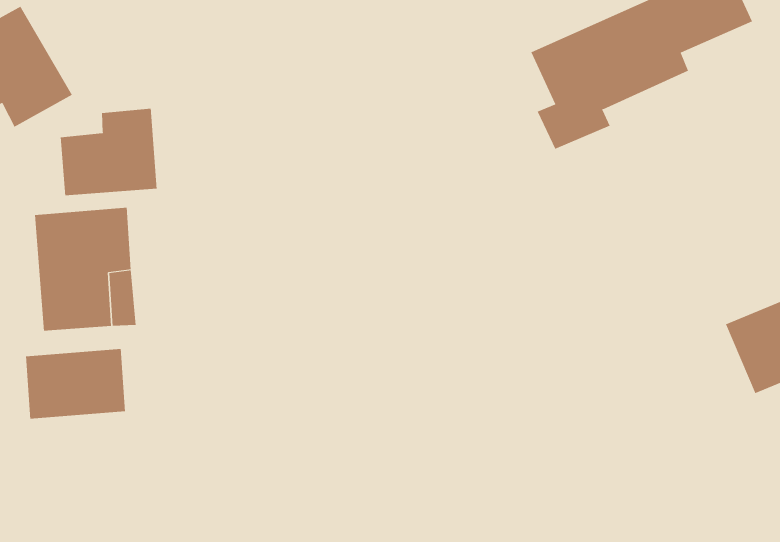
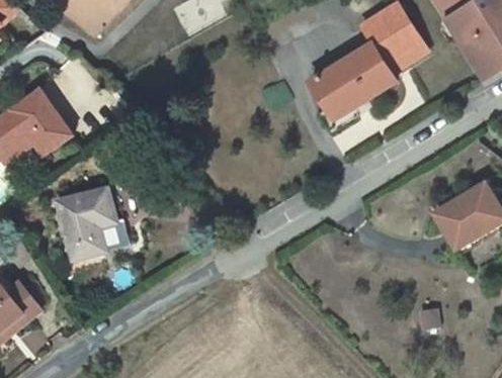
building: [60,108,157,196] -> none
building: [26,348,126,419] -> none

